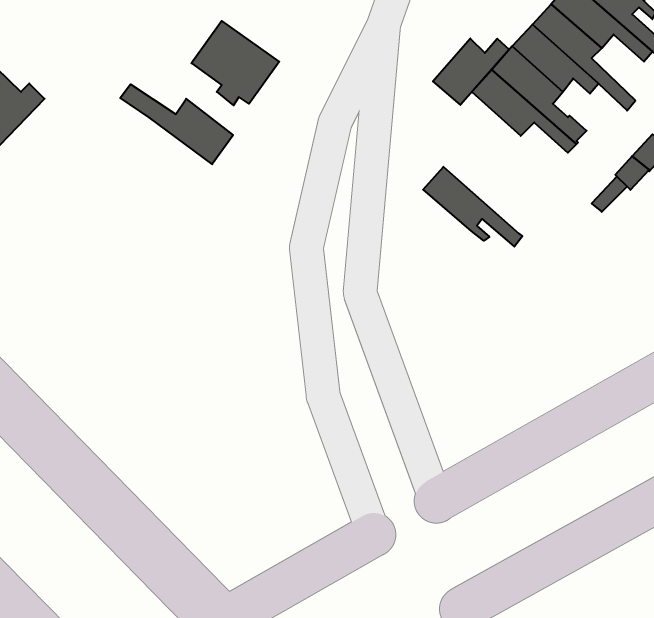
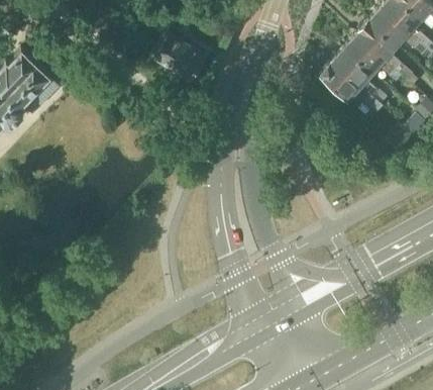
building: [433,38,509,105] -> none
building: [120,84,233,164] -> none
building: [423,167,522,247] -> none

